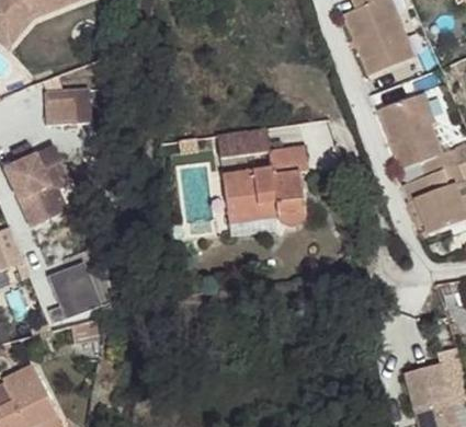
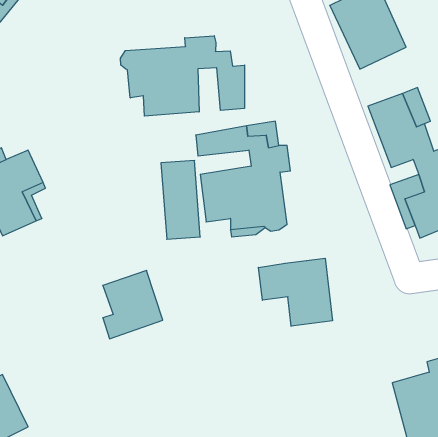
building: none -> [121,36,245,116]
building: [45,95,93,132] -> none
building: none -> [258,258,332,326]
building: [47,258,104,323] -> [103,270,163,339]

